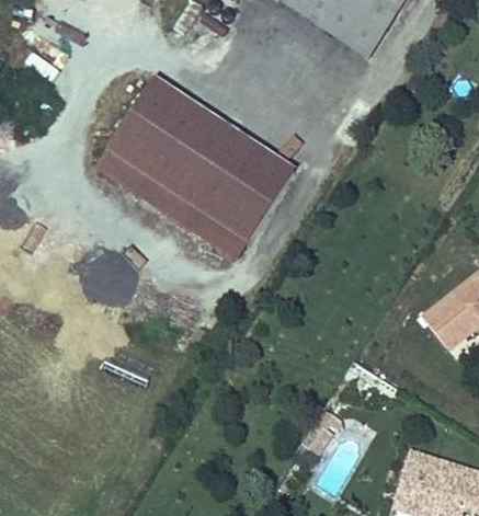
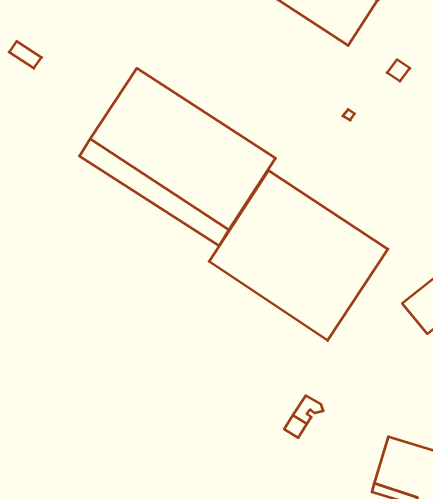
building: none -> [209,171,388,341]

